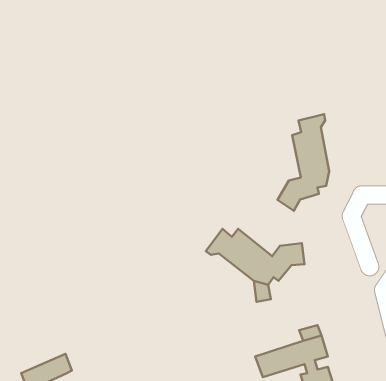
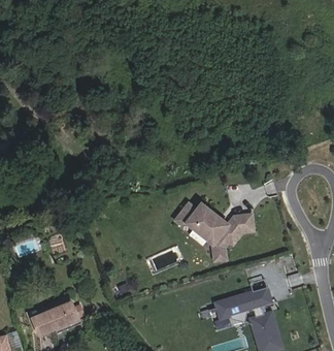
building: [277,114,329,211] -> none

